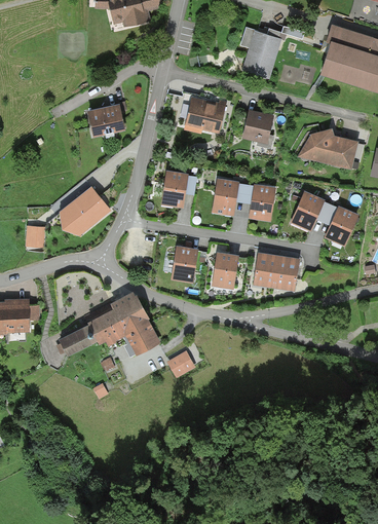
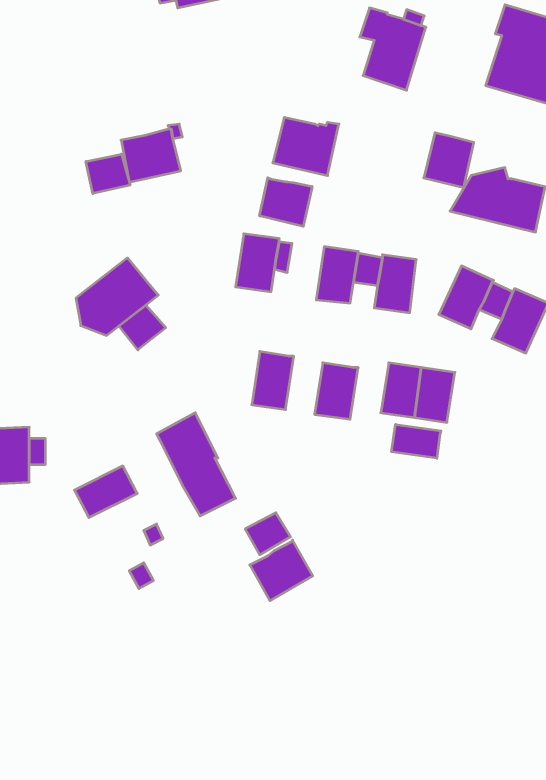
building: [241,110,273,145] -> [424,133,474,188]
building: none -> [86,154,130,194]
building: none -> [260,178,312,226]
building: none -> [119,305,166,350]
building: [25,226,44,248] -> none
building: none -> [392,424,441,458]
building: [87,303,126,343] -> none
building: none -> [250,540,313,601]

